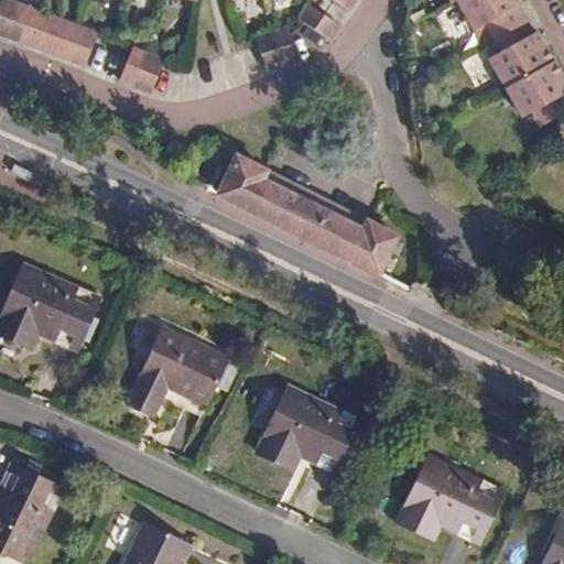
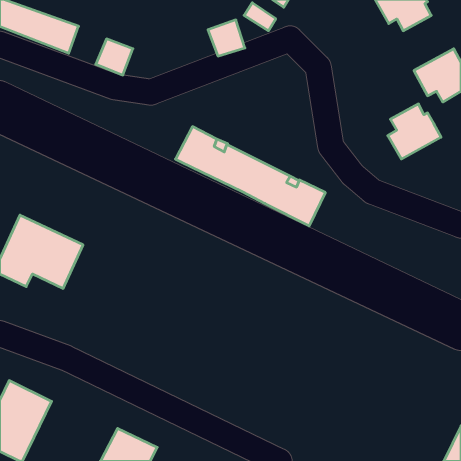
building: [488,19,553,86] -> [388,104,441,159]
building: [127,326,229,417] -> none
building: [256,384,364,475] -> none
building: [395,454,505,544] -> none

